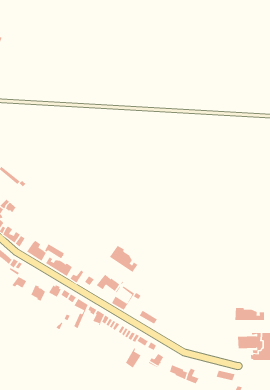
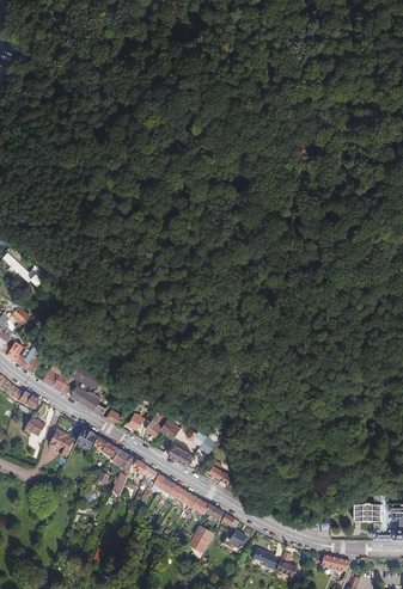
building: [109,245,138,273] -> none
building: [235,307,264,321] -> none

